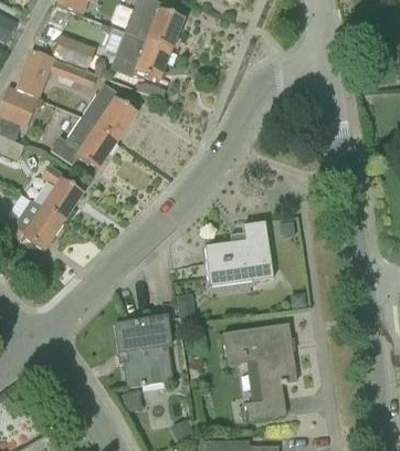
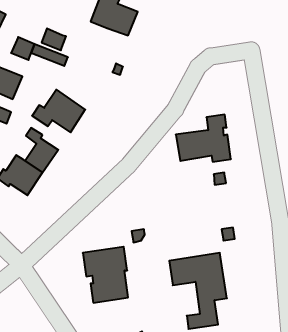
building: [109,30,171,80] -> none
building: [81,84,136,141] -> none
building: [203,220,273,280] -> [176,115,231,162]

